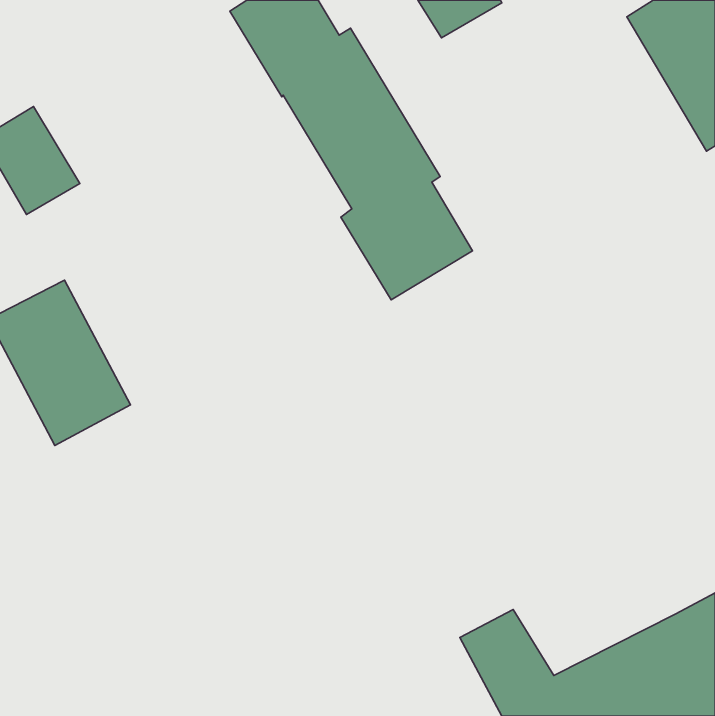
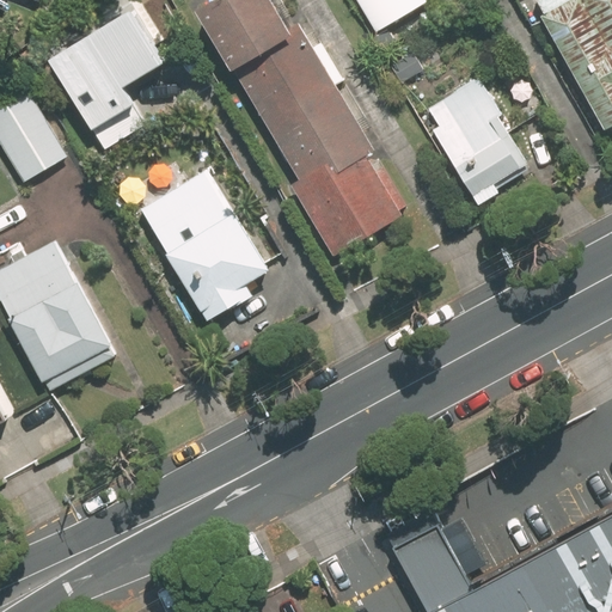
building: none -> [50,8,167,147]
building: none -> [429,94,528,204]
building: none -> [140,169,269,322]

